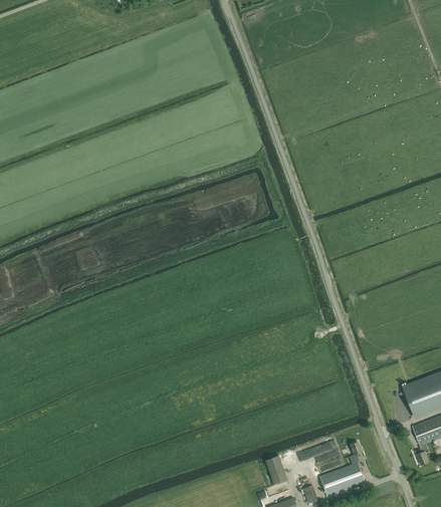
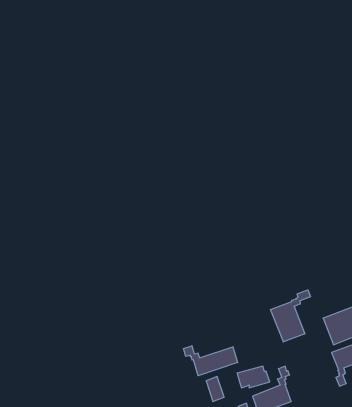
building: none -> [270,290,311,342]
building: none -> [184,346,238,376]

